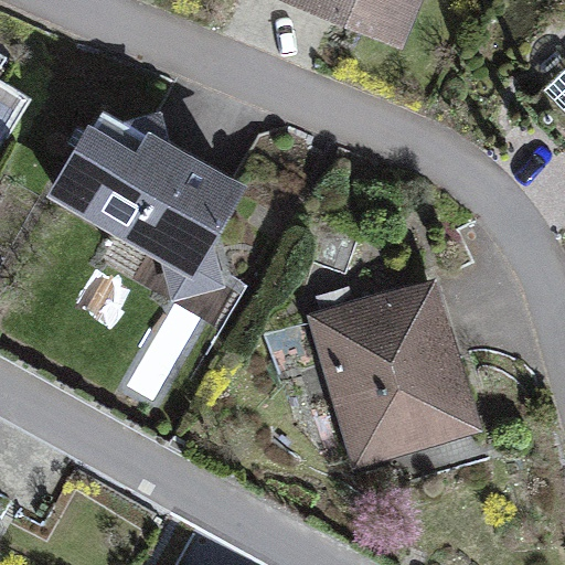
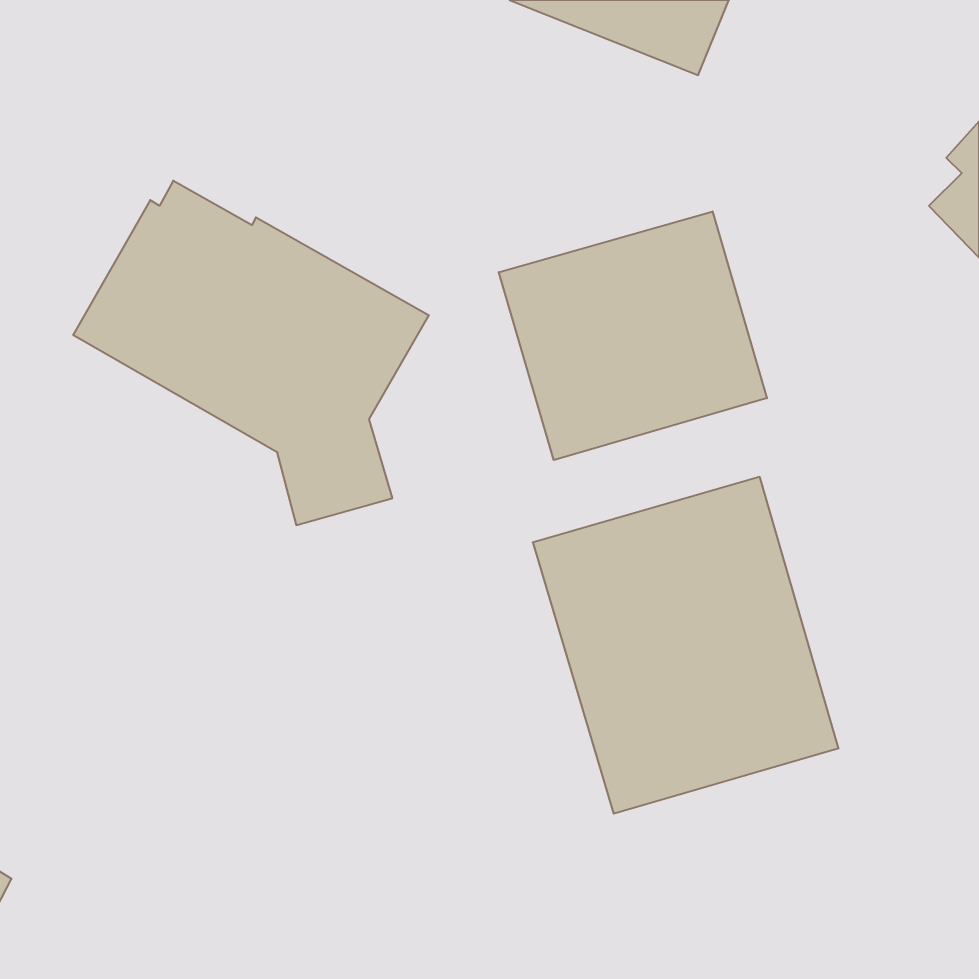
building: none -> [499,211,767,460]

